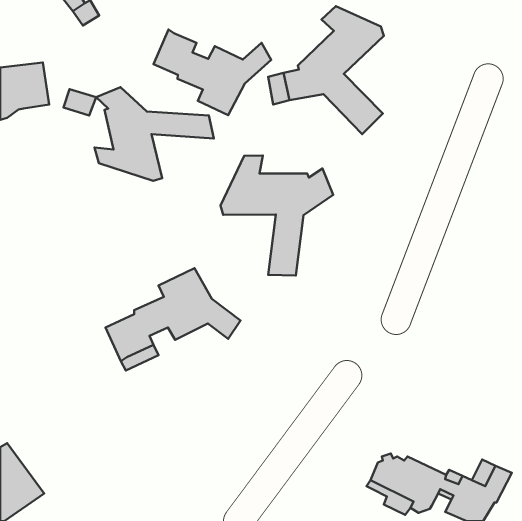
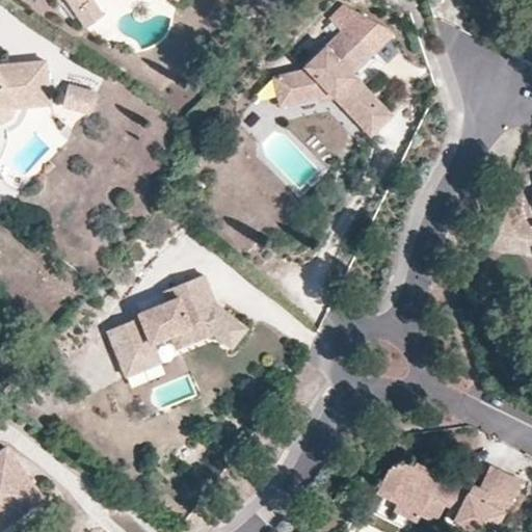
building: [153,30,271,115] -> none
building: [95,87,214,181] -> none
building: [220,155,333,275] -> none

